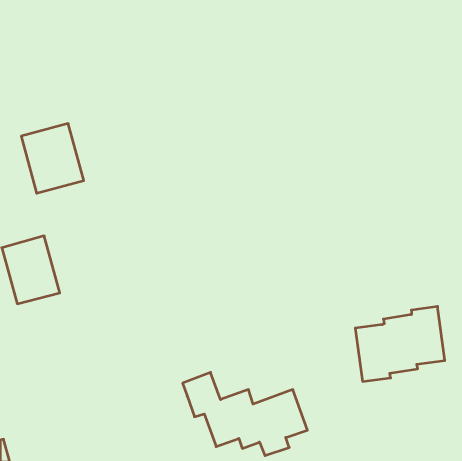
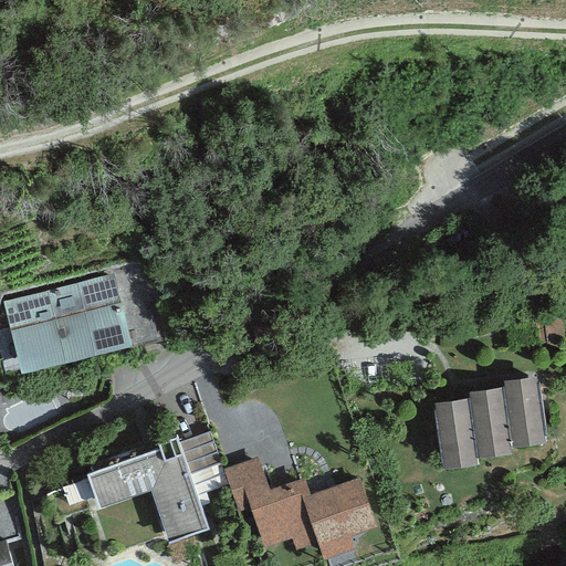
building: [21,124,84,193] -> [54,274,130,359]
building: none -> [85,431,229,542]

